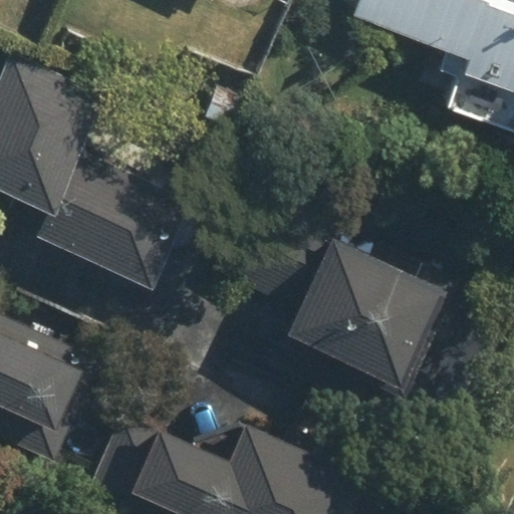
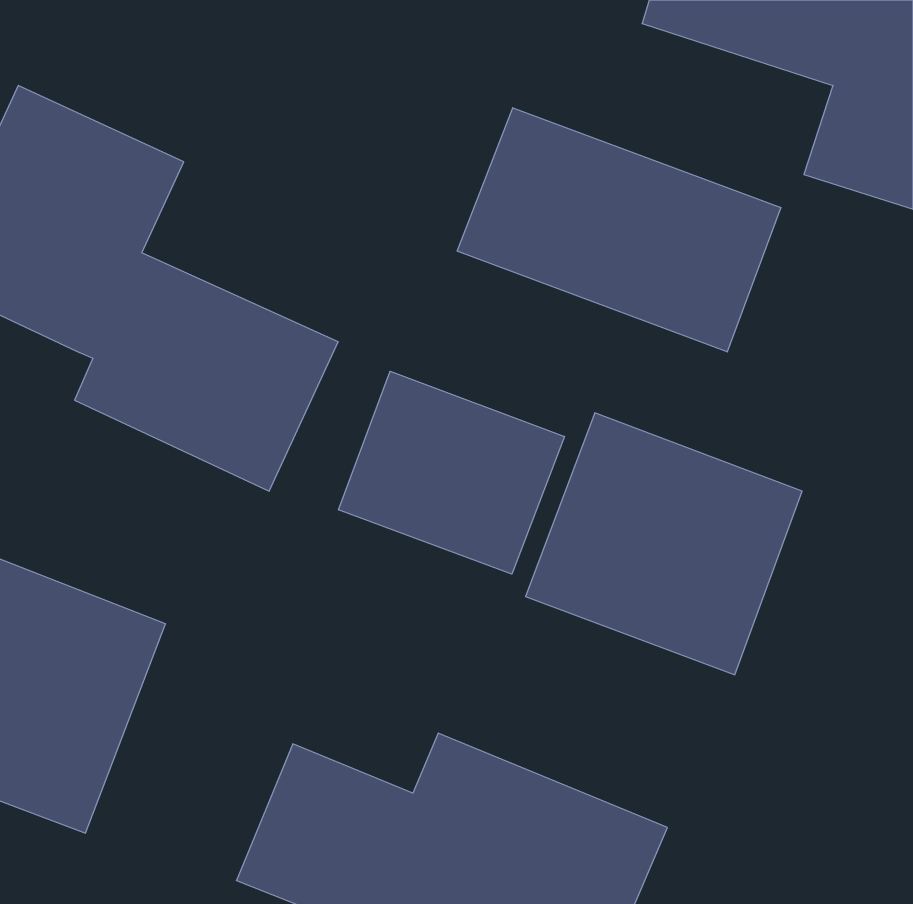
building: none -> [457,108,781,352]
building: none -> [339,371,564,574]

